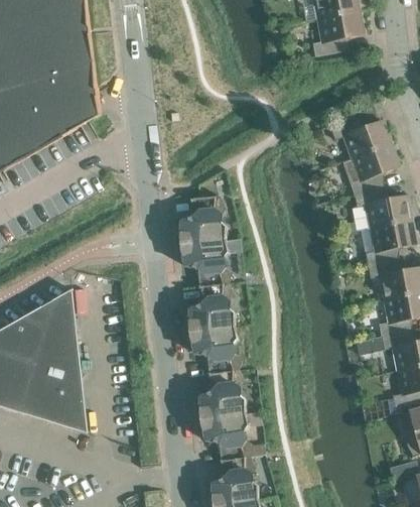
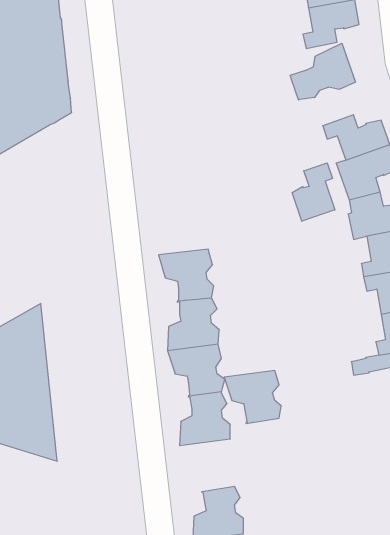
building: none -> [290,43,355,100]
building: none -> [292,163,335,221]
building: [179,196,226,244] -> none
building: [198,412,251,461] -> [224,371,281,424]

